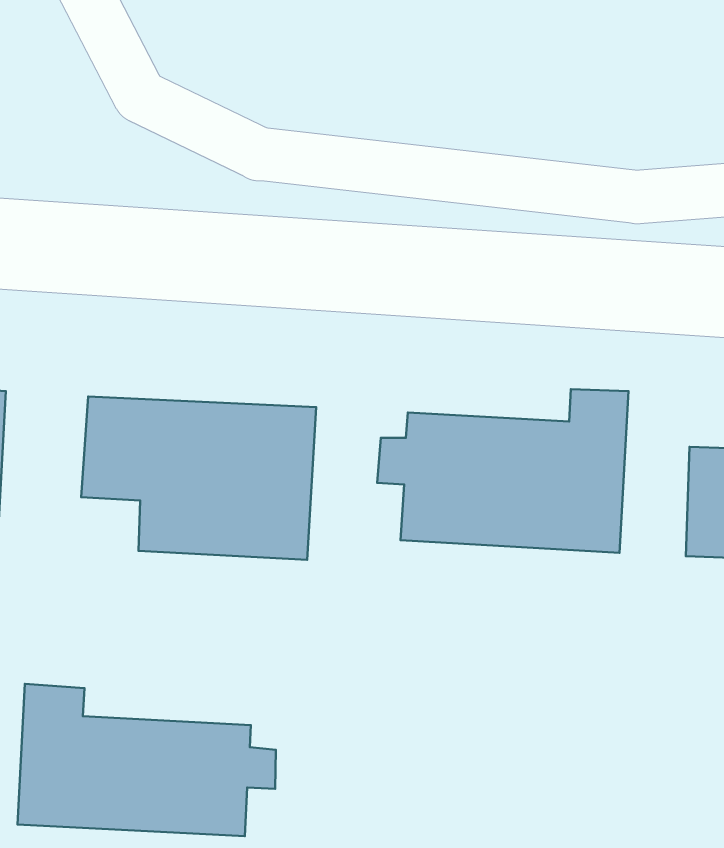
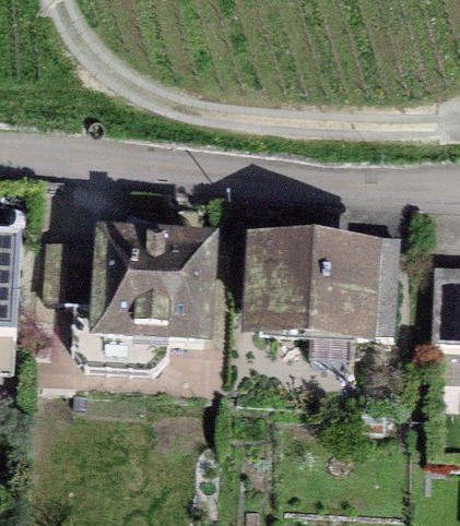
building: [17,684,276,836] -> none

